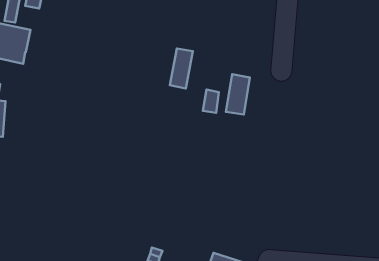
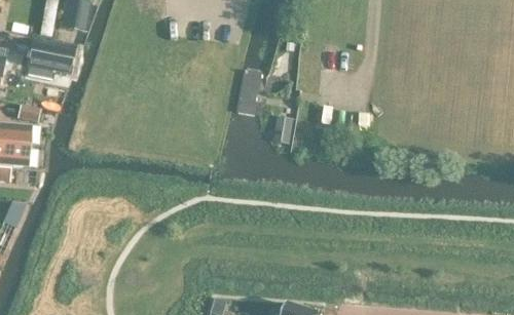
building: [226,74,250,114] -> none

